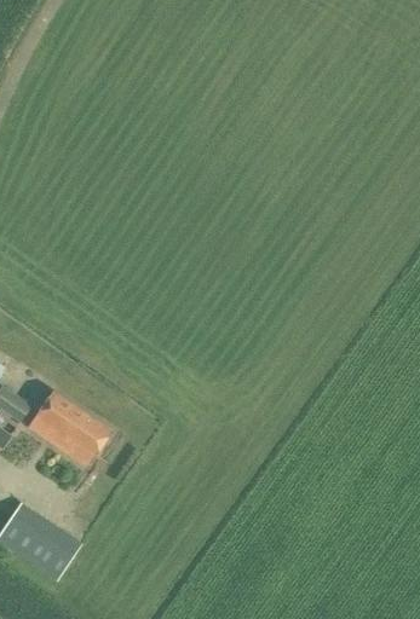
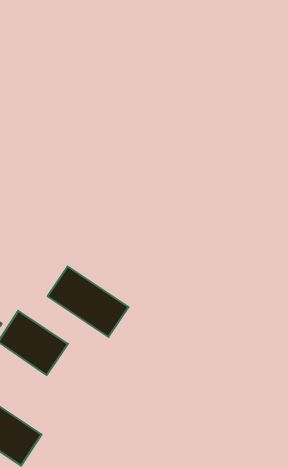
building: none -> [48,266,129,337]

